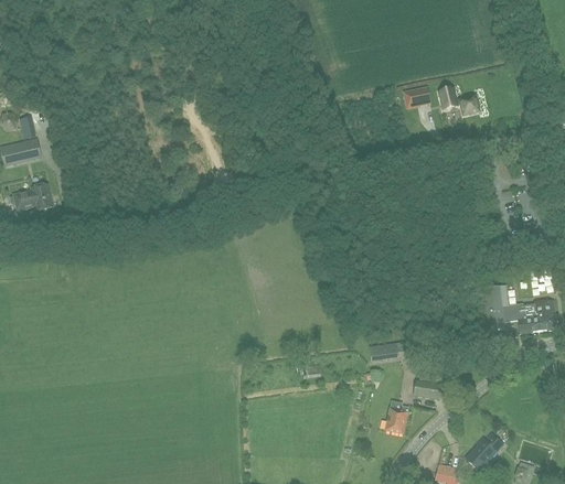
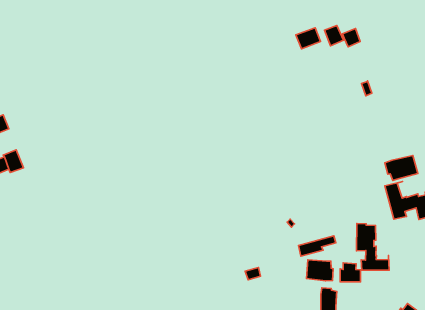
building: none -> [385,155,418,181]
building: none -> [356,223,389,270]
building: none -> [306,260,333,281]

